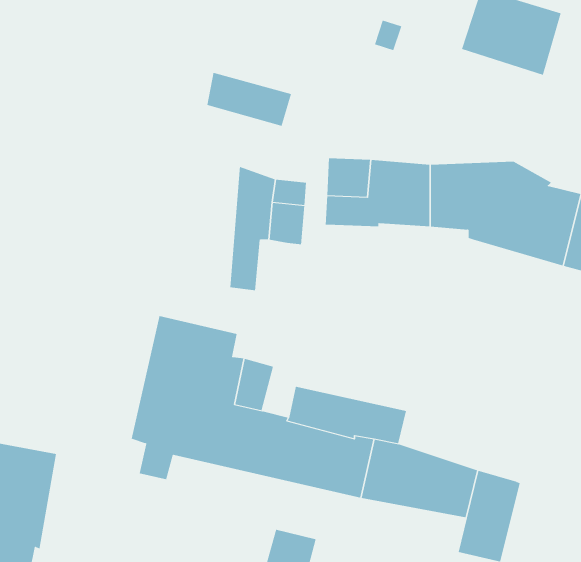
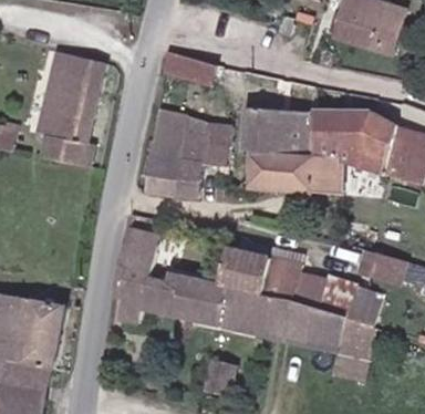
building: none -> [37,53,104,167]
building: none -> [148,110,186,196]
building: none -> [250,153,343,195]
building: none -> [224,248,382,327]
building: none -> [356,250,408,286]

